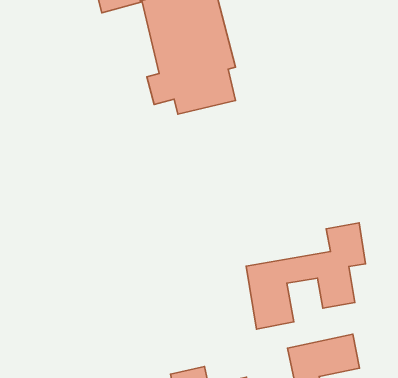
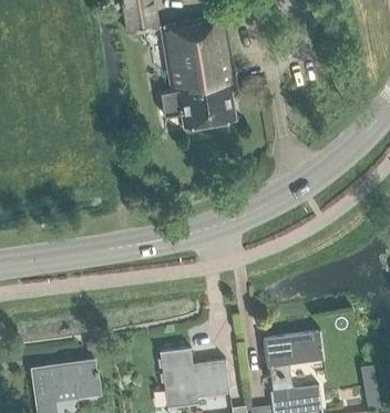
building: [246,223,365,329] -> none

